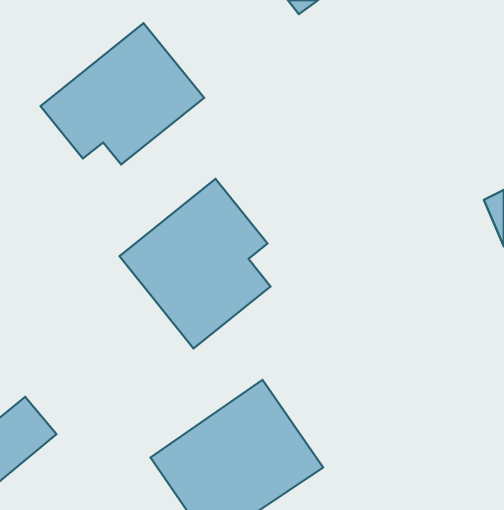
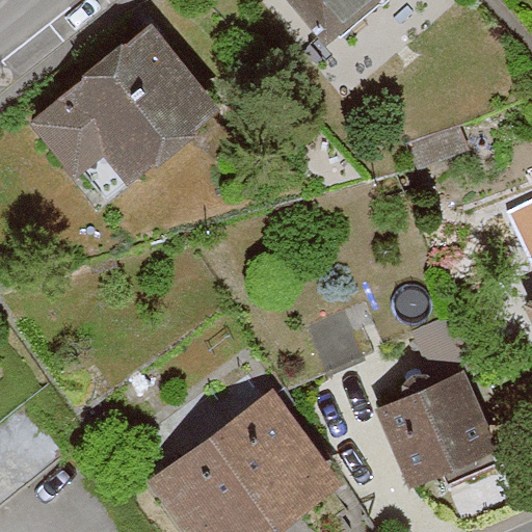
building: [119,179,271,349] -> none
building: none -> [377,373,495,482]

